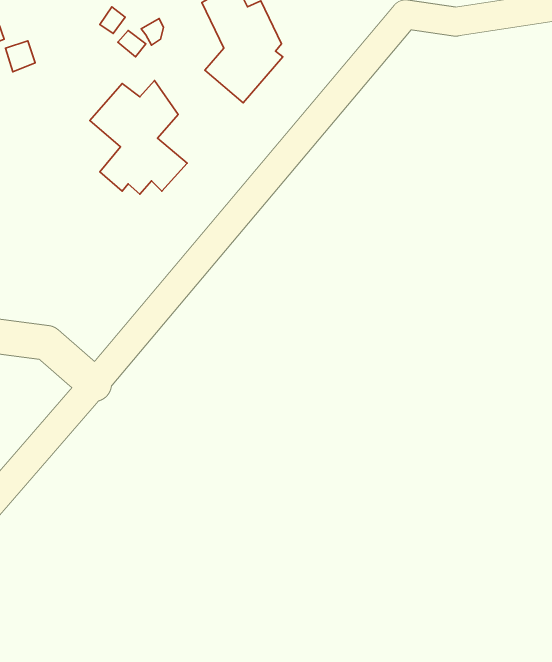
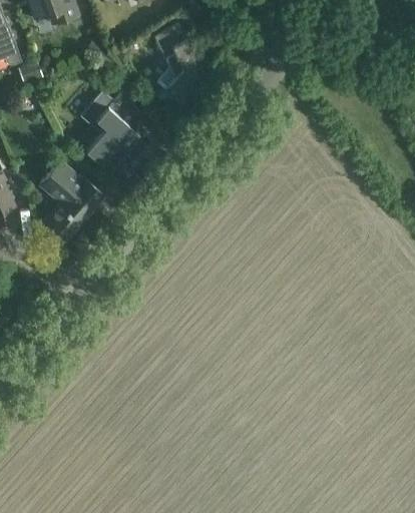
building: none -> [39,159,102,238]

